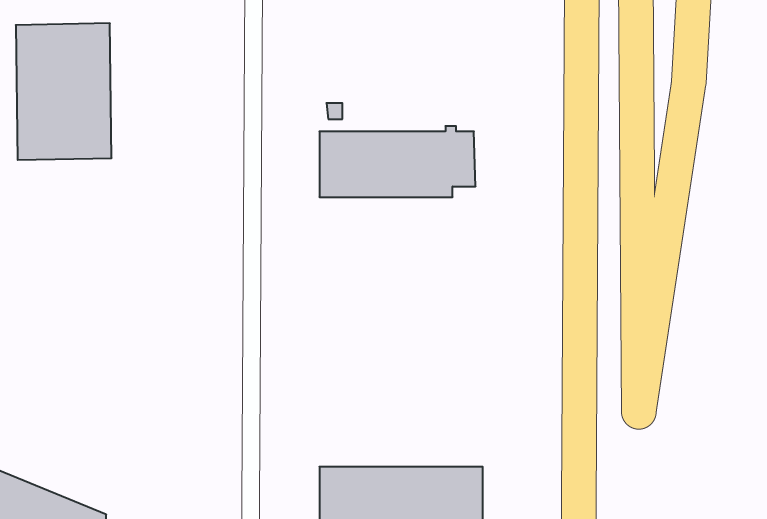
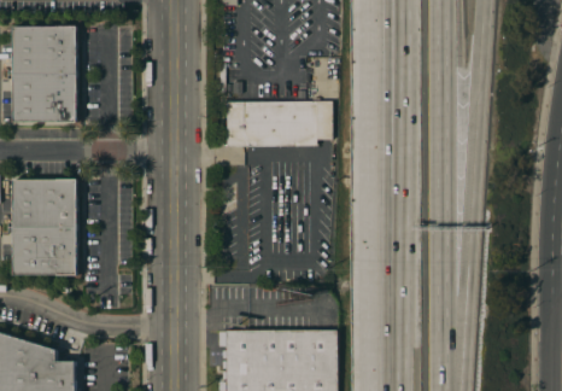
building: none -> [17,179,82,270]

